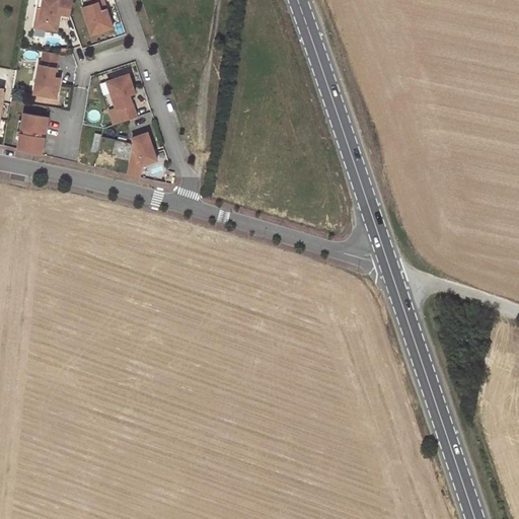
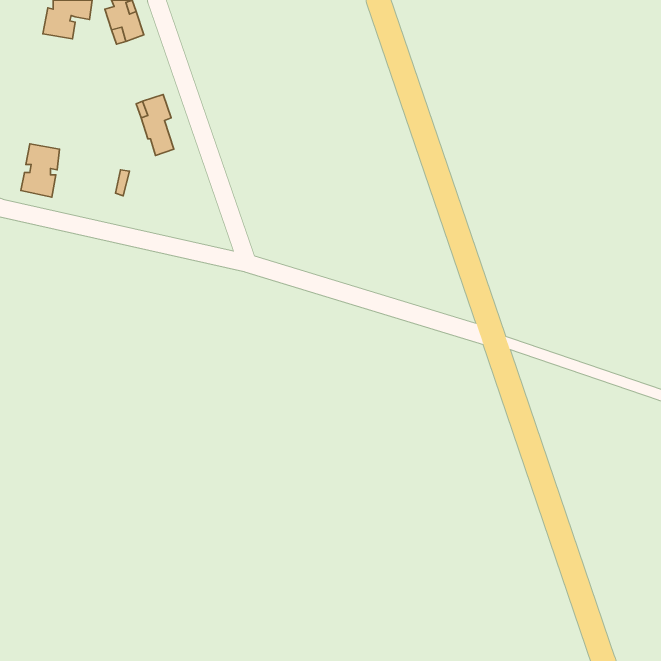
building: [34,51,58,97] -> none
building: [126,134,156,178] -> none

